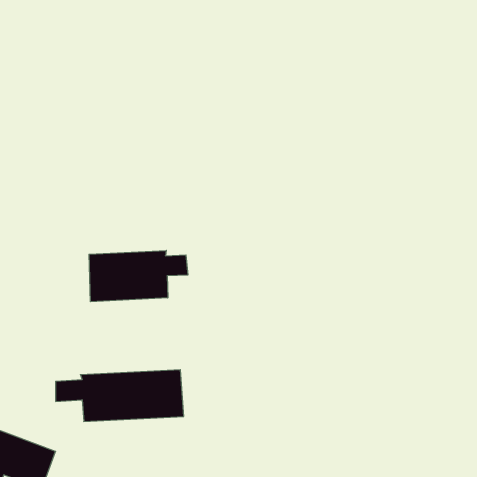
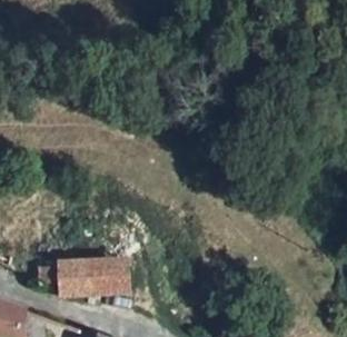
building: [89,250,188,302] -> none

